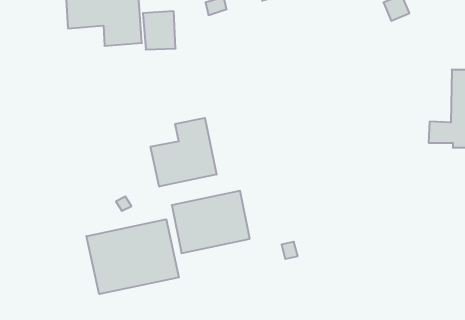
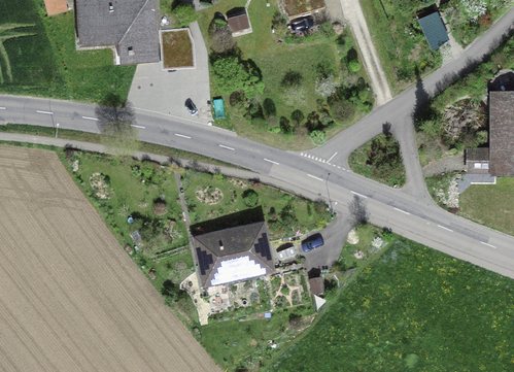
building: [151,118,217,187] -> none
building: [86,219,179,294] -> none

